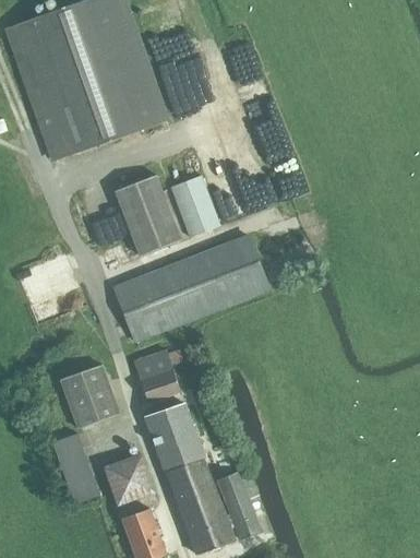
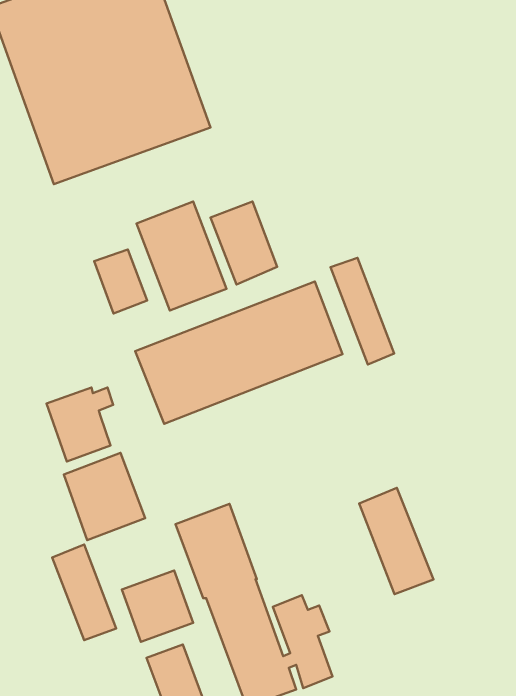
building: none -> [94,250,147,313]
building: none -> [330,258,394,364]
building: [133,348,183,404] -> [47,387,113,461]
building: none -> [359,488,434,594]

